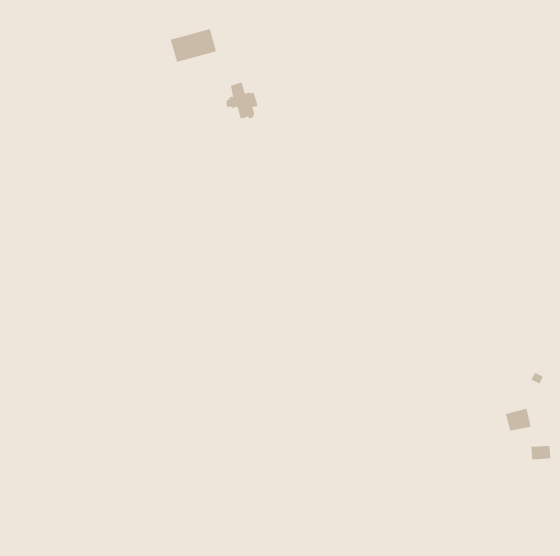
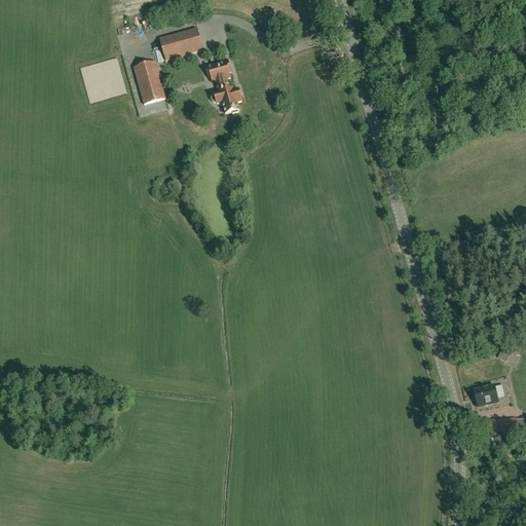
building: none -> [205,58,231,81]
building: none -> [134,60,165,103]

